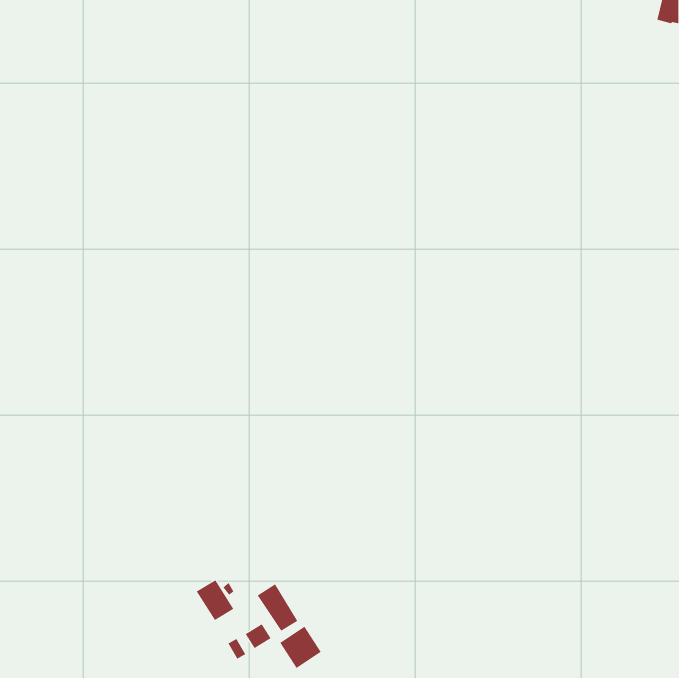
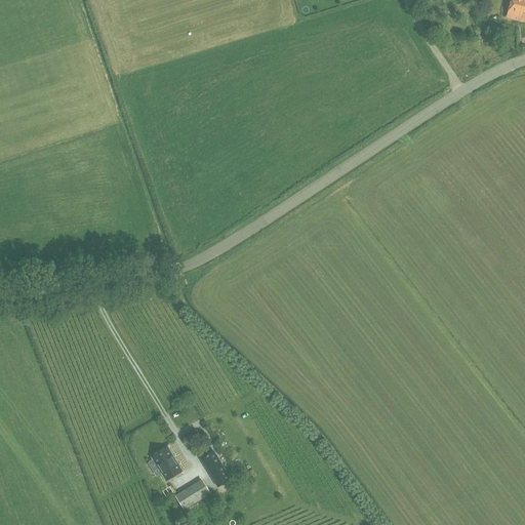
building: [280,626,322,669] -> none

